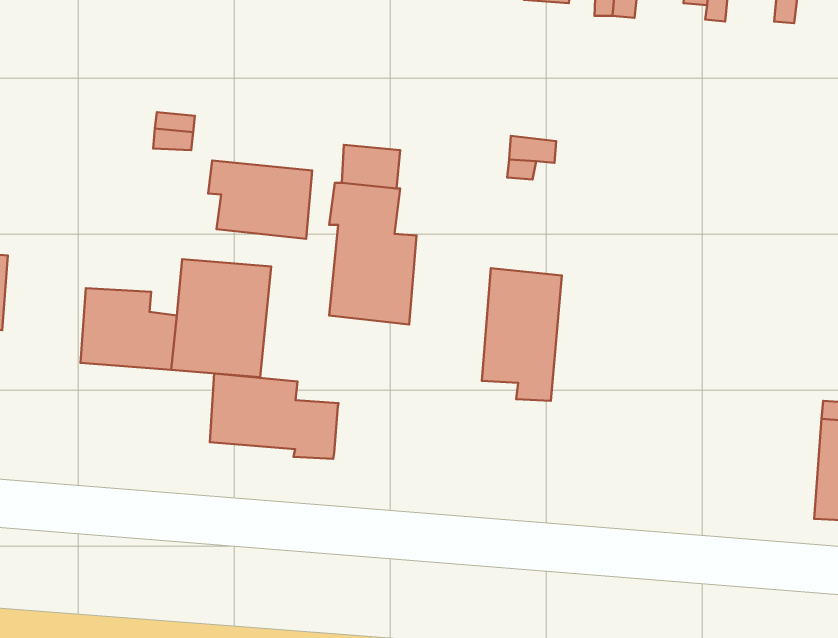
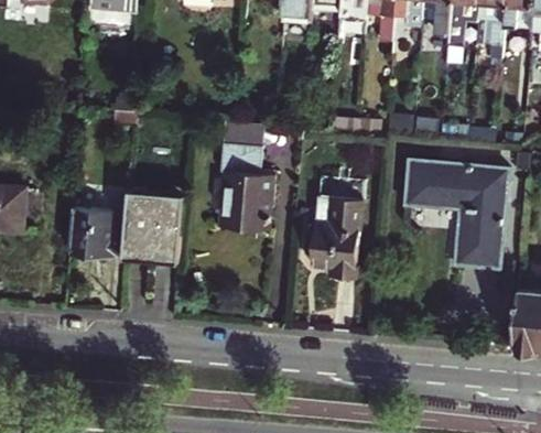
building: [208,161,312,239] -> none
building: none -> [405,159,508,267]
building: [210,373,339,459] -> none

